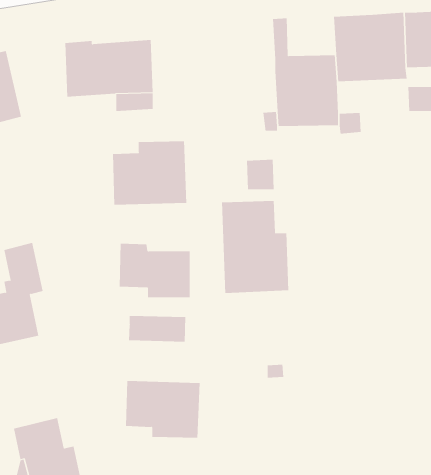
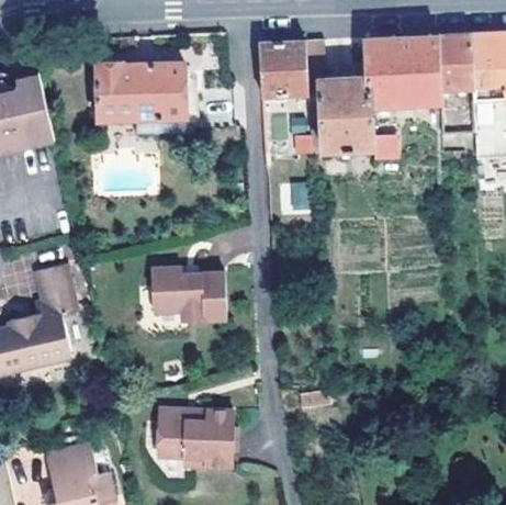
building: none -> [260,41,308,96]
building: [112,140,187,206] -> none
building: [222,200,289,294] -> none
building: [129,315,186,342] -> none

